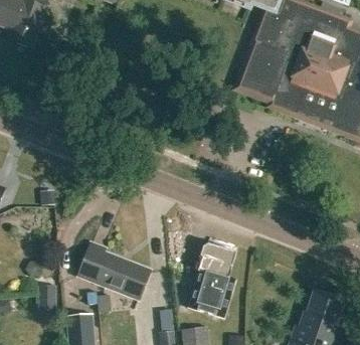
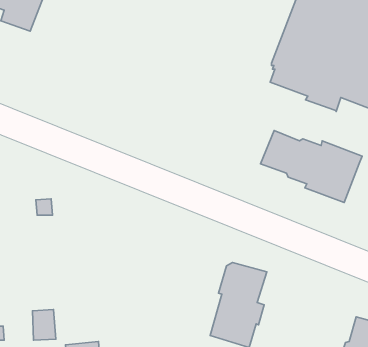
building: none -> [261,131,362,203]
building: [78,243,149,299] -> none

